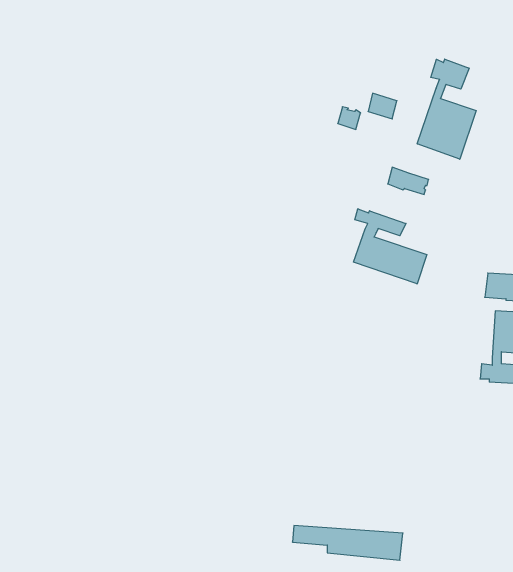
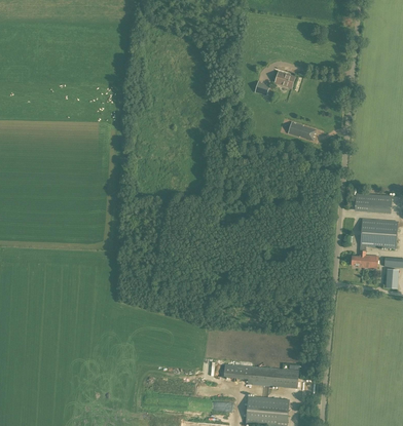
building: [417,59,476,159] -> none
building: [354,209,427,284] -> none

